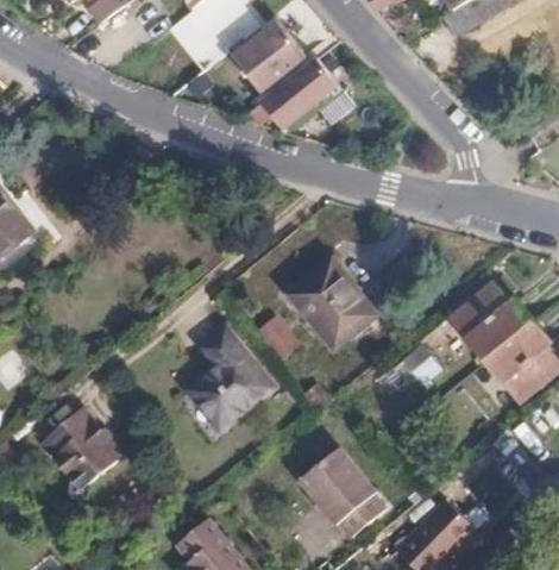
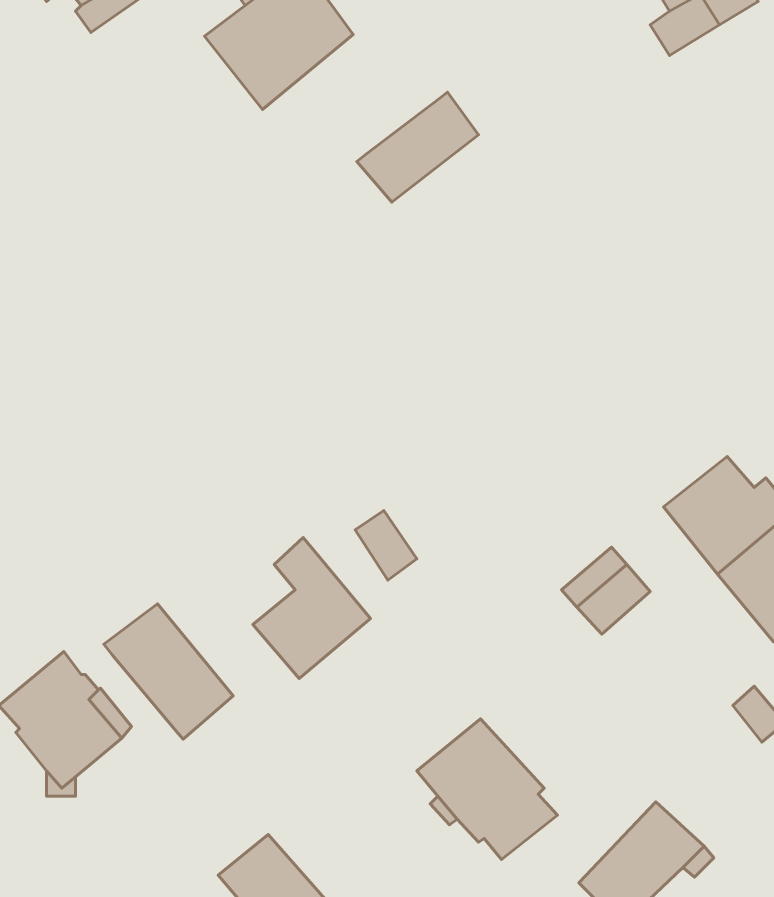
building: [232,21,312,99] -> none
building: [287,257,375,346] -> none
building: none -> [104,604,233,739]

